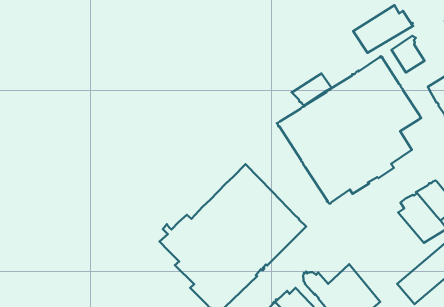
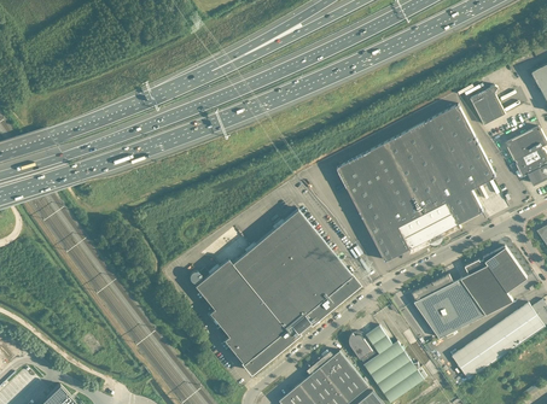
building: [353,5,413,53] -> none
building: [291,74,331,105] -> none
building: none -> [412,275,485,339]

